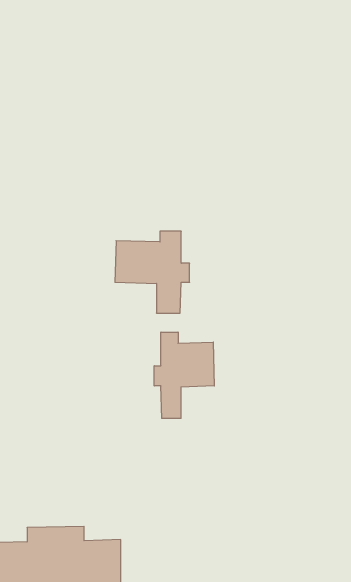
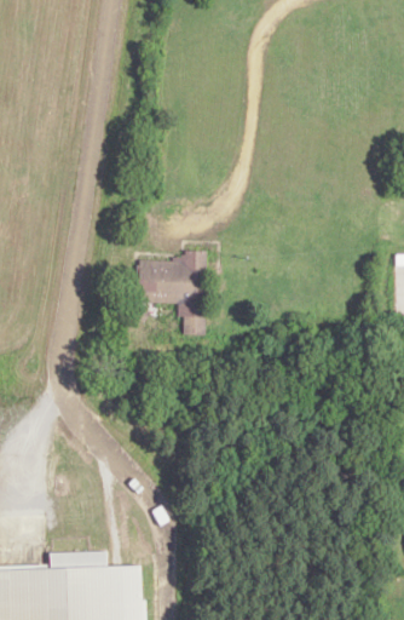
building: [154,332,214,418] -> none

